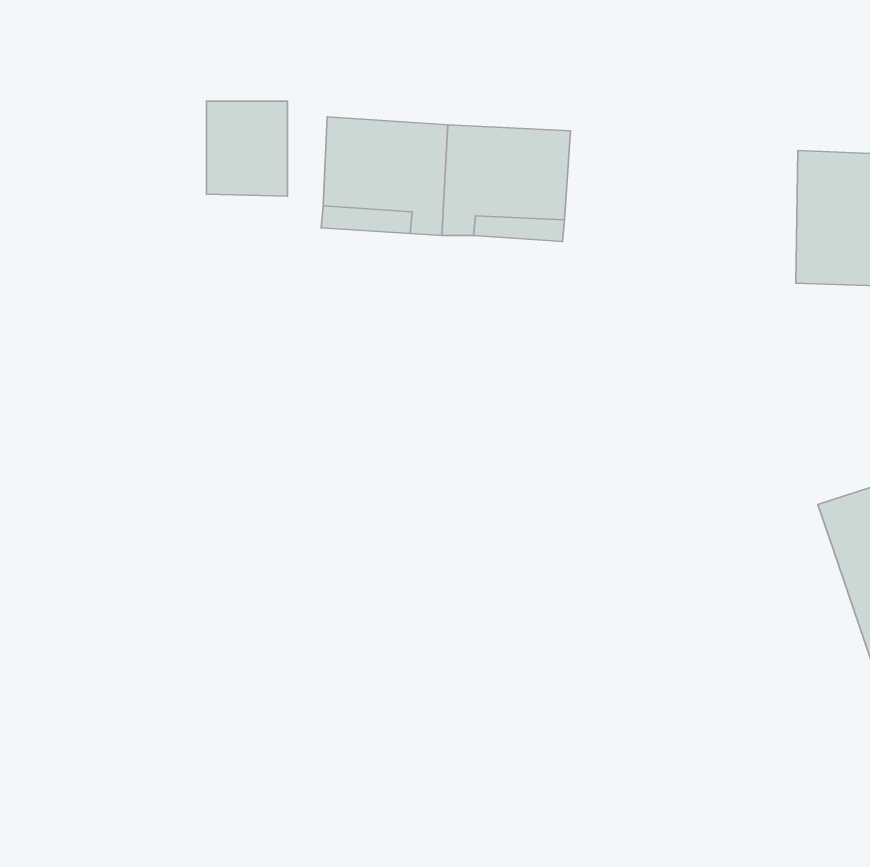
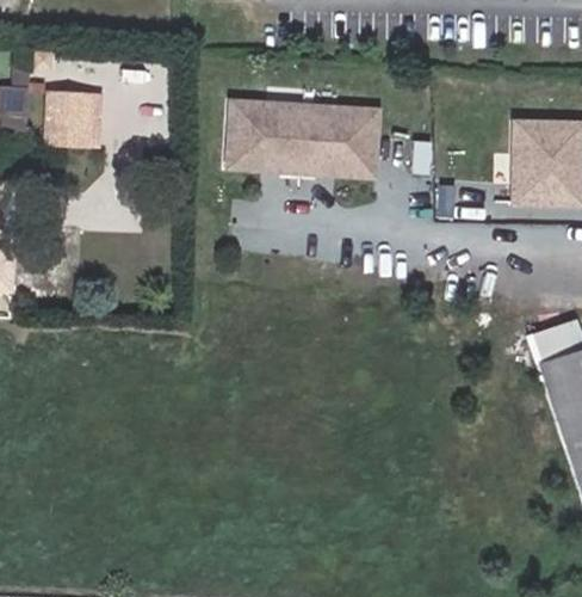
building: [206,101,288,196] -> [49,91,98,148]

